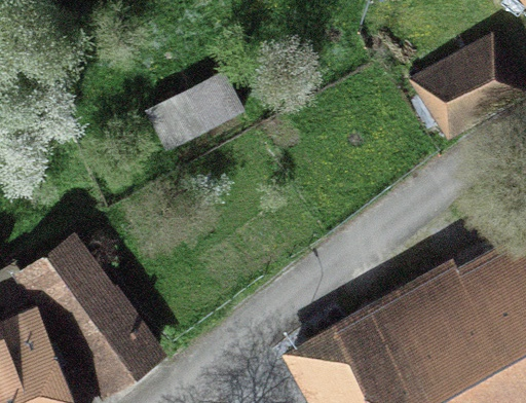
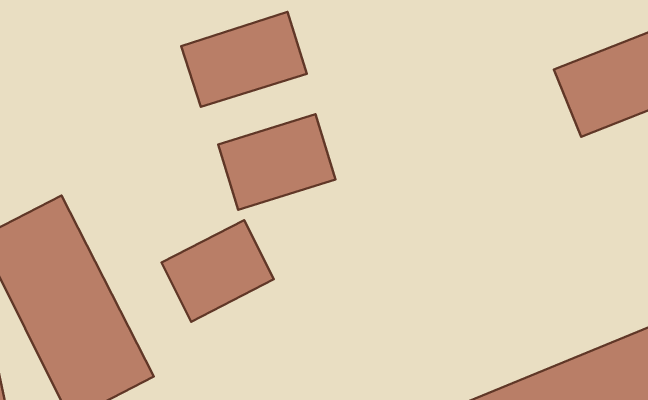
building: none -> [218,114,335,210]
building: none -> [161,220,274,322]

